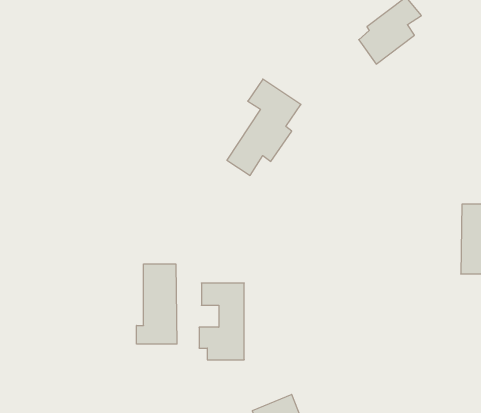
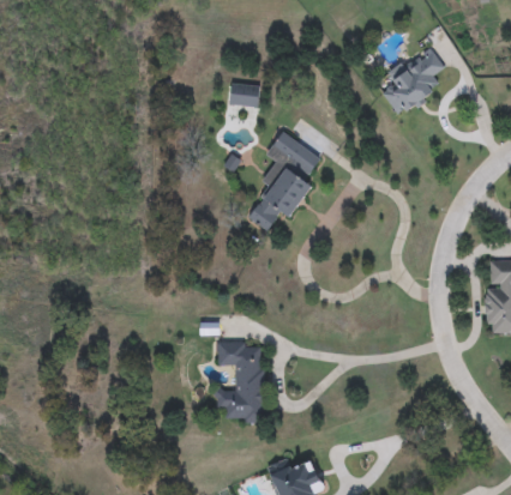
building: none -> [230,83,259,104]
building: [137,264,177,344] -> none

